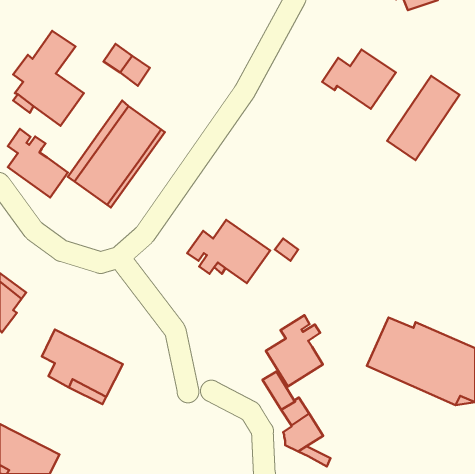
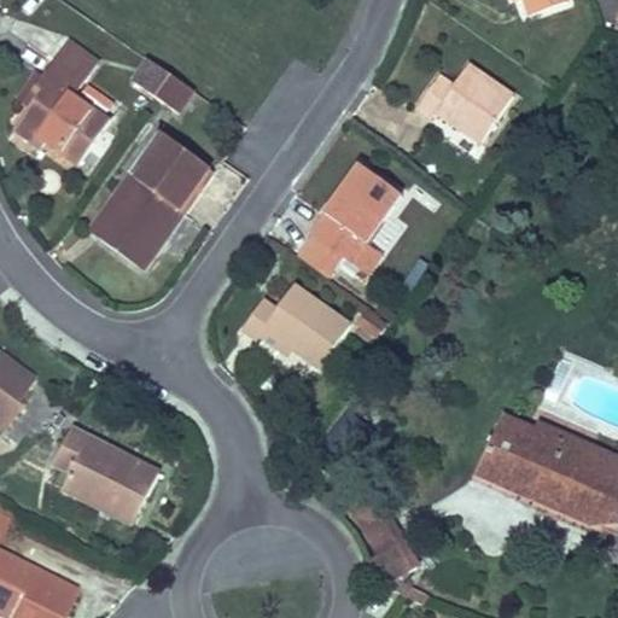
building: [387,76,460,160] -> none
building: none -> [297,162,403,278]
building: [8,129,68,197] -> none
building: [266,315,323,386] -> none

